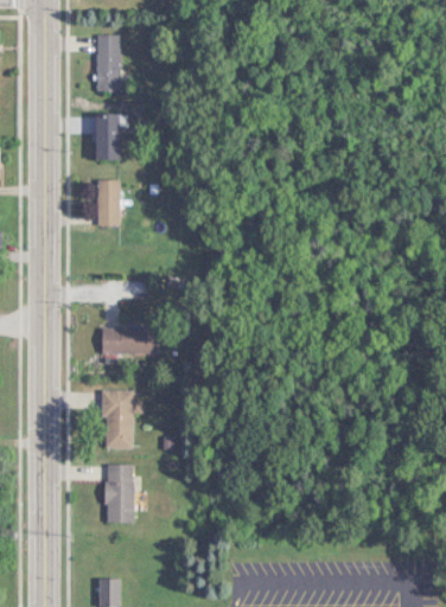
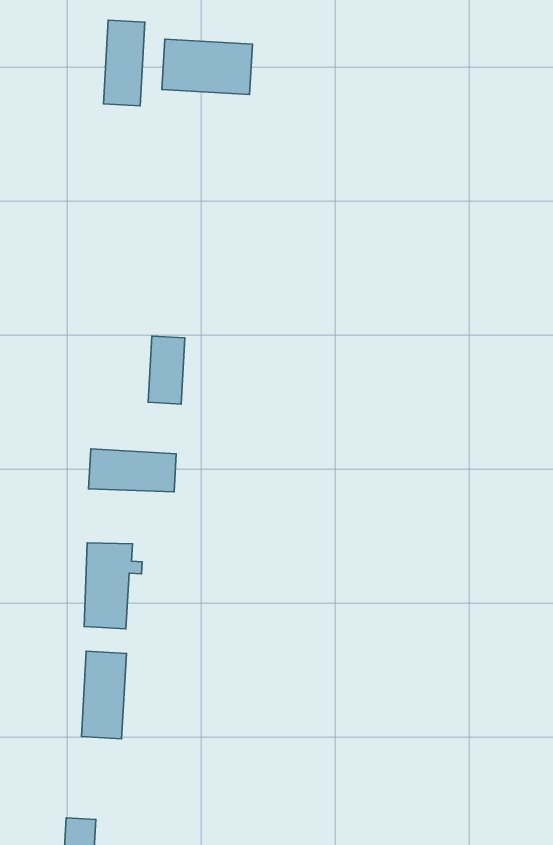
building: none -> [162,39,252,94]
building: [94,114,127,160] -> none
building: [96,180,119,225] -> [148,336,185,404]

